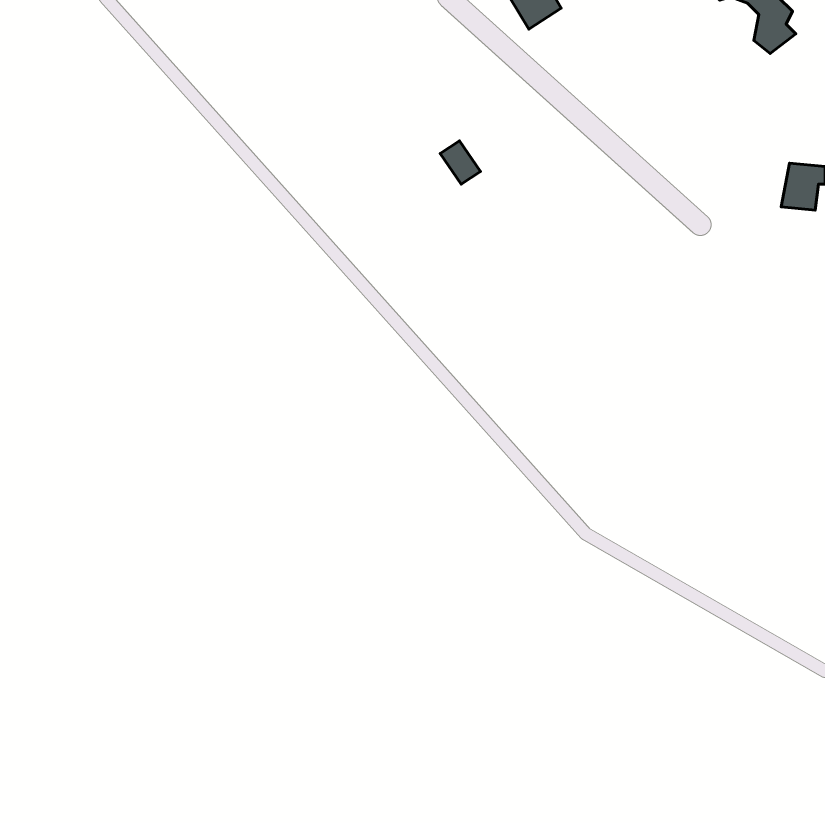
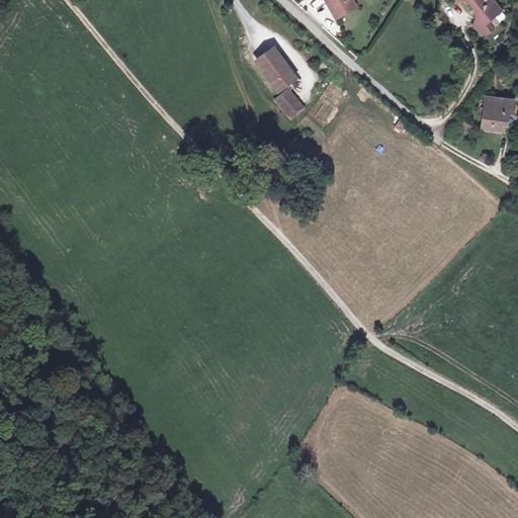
building: none -> [257,46,295,88]

